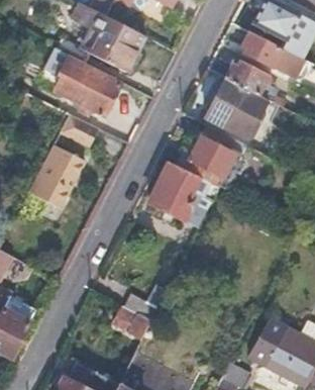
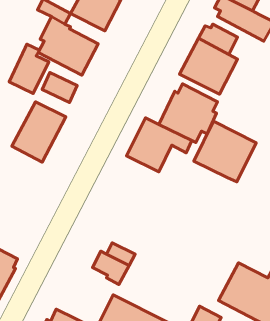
building: none -> [9,44,49,93]
building: none -> [194,121,256,182]

